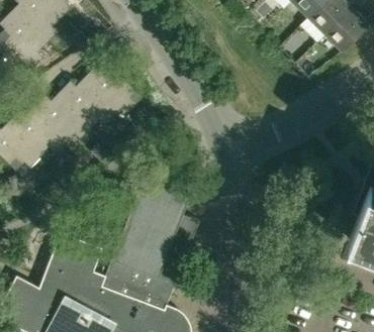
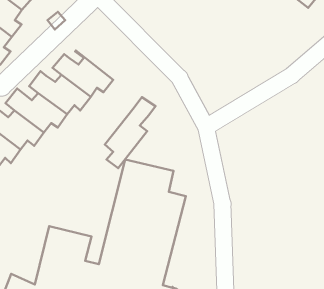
building: none -> [105,97,156,168]

